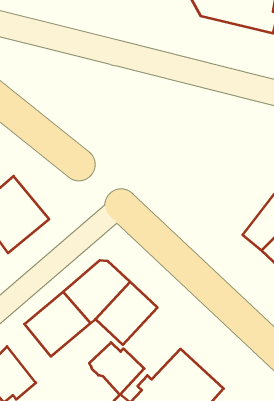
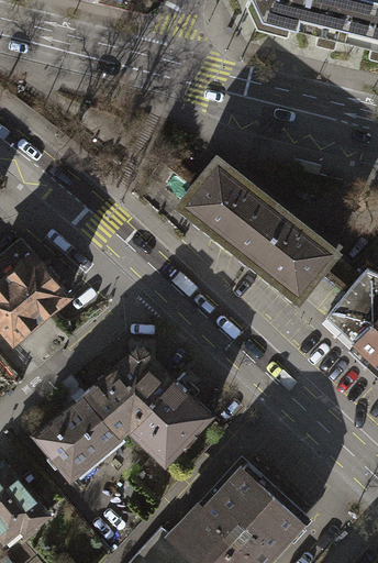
building: none -> [180,159,334,298]
building: [89,342,144,395] -> none

